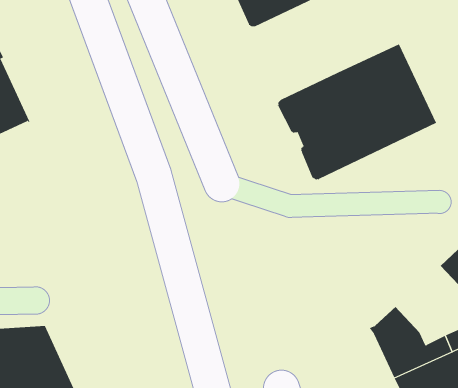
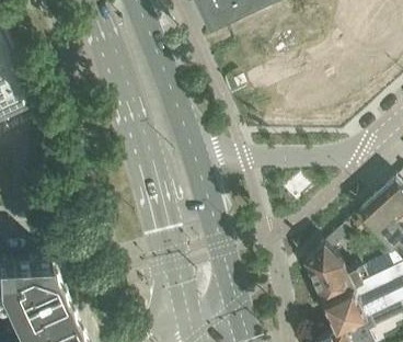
building: [277,44,437,181] -> none

